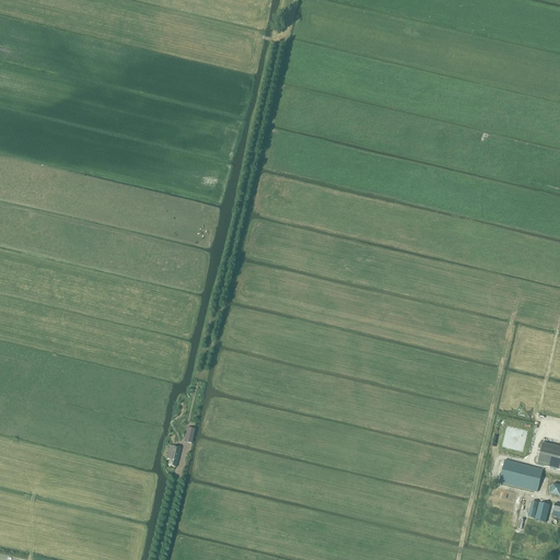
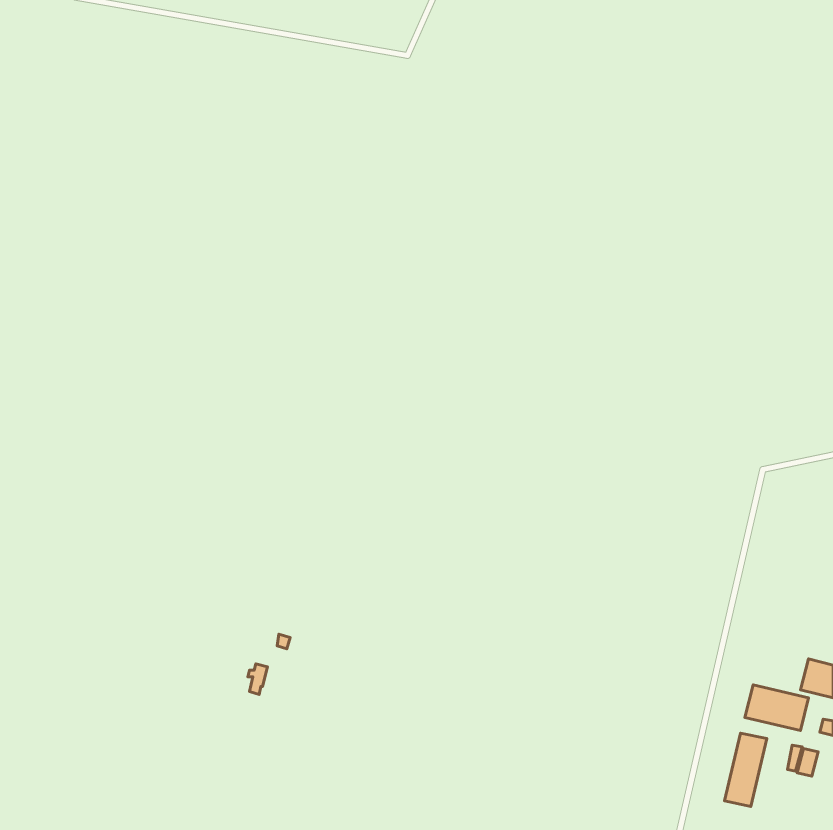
building: none -> [724,733,767,806]

